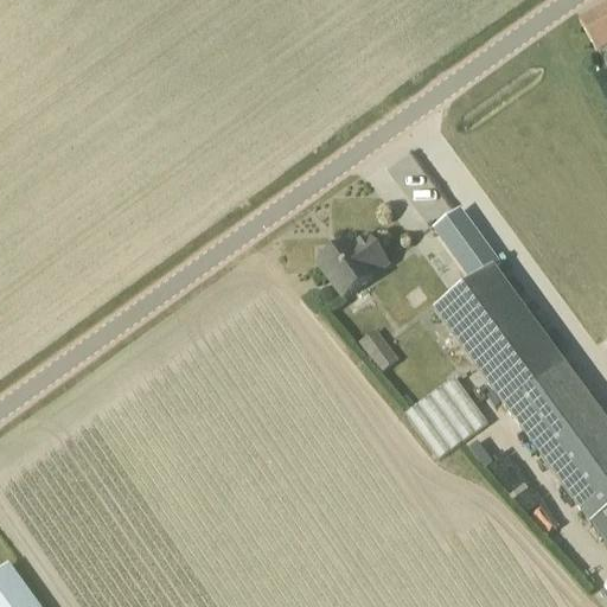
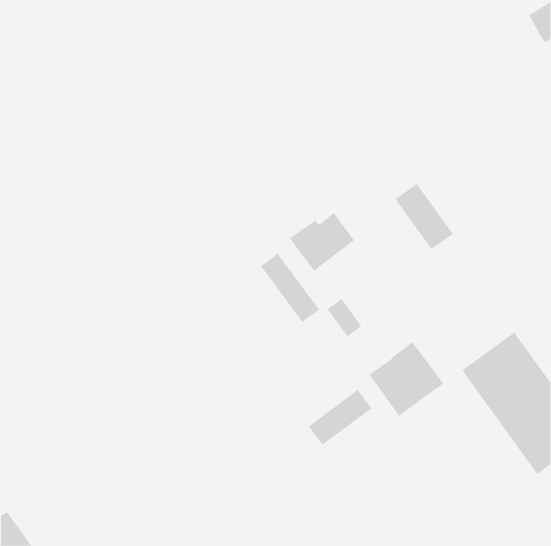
building: [435,267,566,408] -> none
building: none -> [260,253,320,323]
building: none -> [308,389,372,446]

